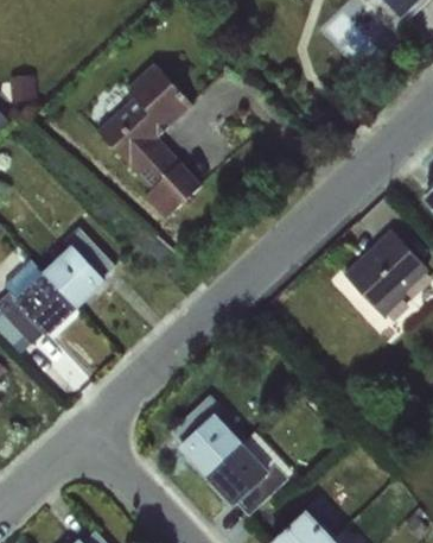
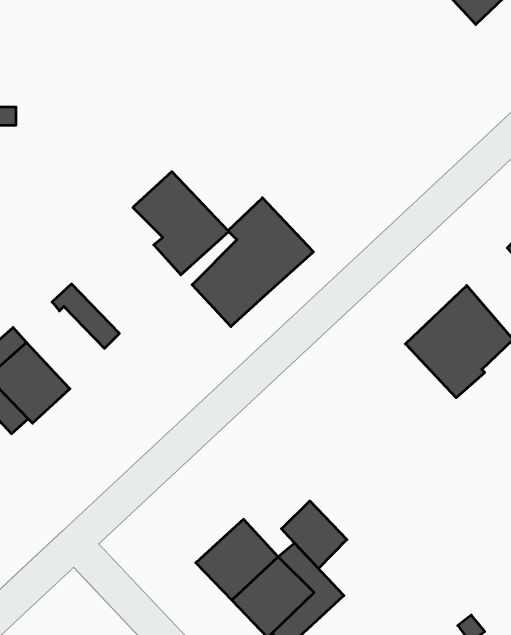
building: [97,63,193,165] -> [192,198,313,327]
building: [43,245,108,310] -> none
building: none -> [281,501,347,569]

